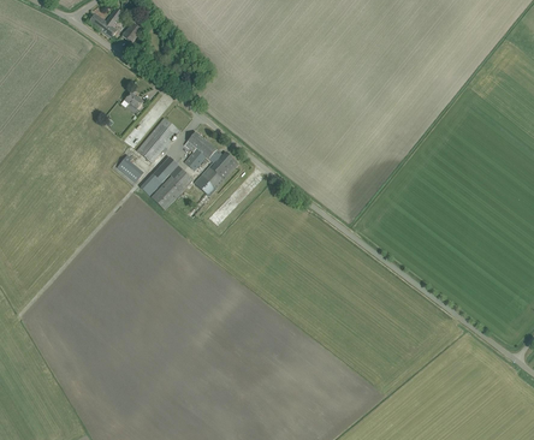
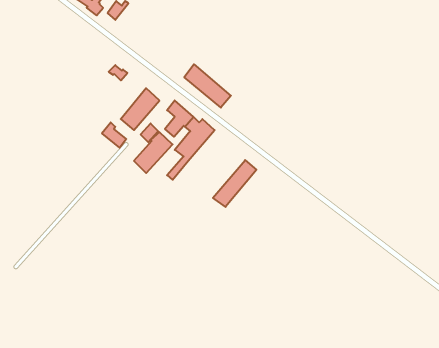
building: none -> [184,64,231,108]
building: none -> [213,160,256,207]

